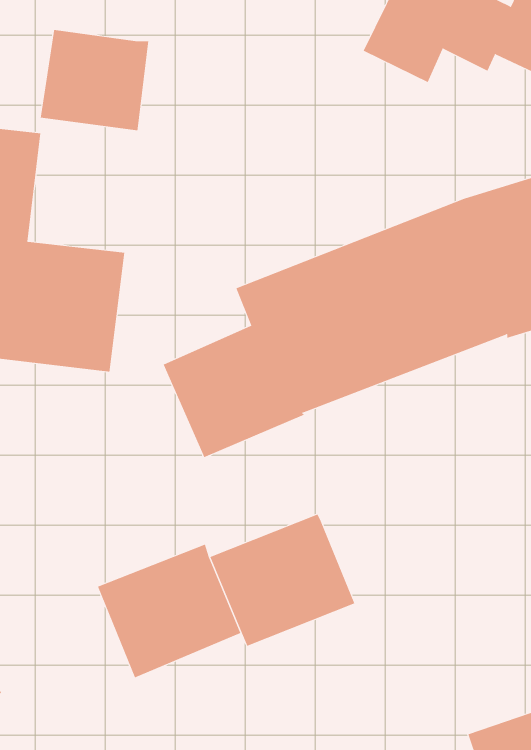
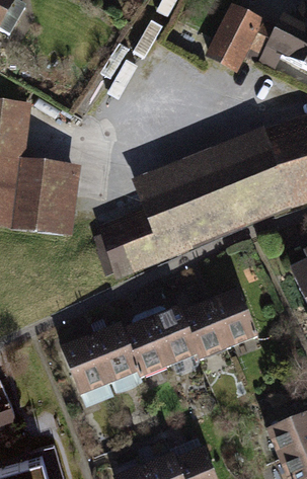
building: [40,29,149,131] -> none
building: none -> [183,288,261,360]

